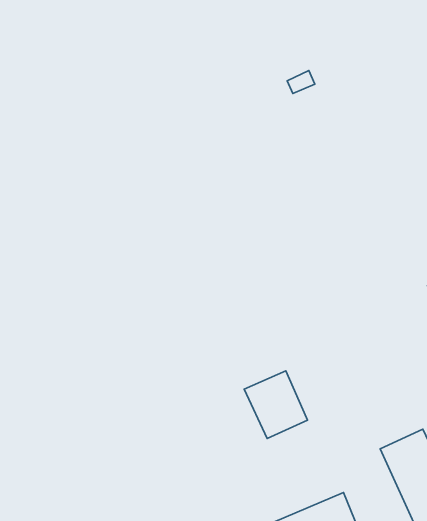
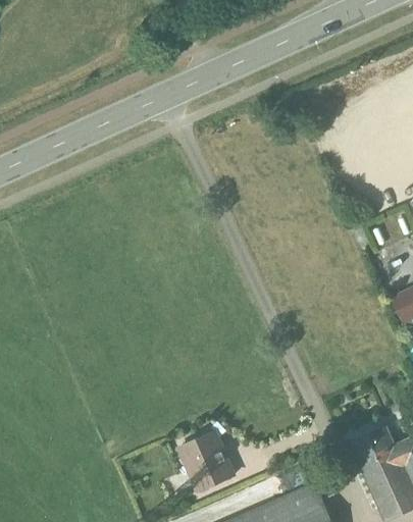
building: [244,371,308,439] -> [178,432,235,492]

